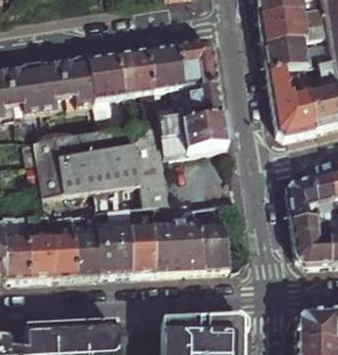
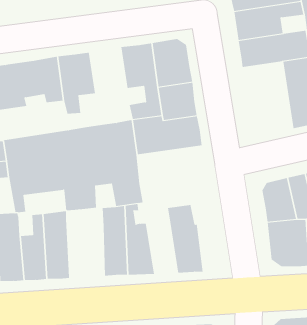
building: [119,48,160,122] -> none
building: [267,63,317,136] -> none
building: [97,205,133,272] -> none
building: [175,219,205,269] -> none

